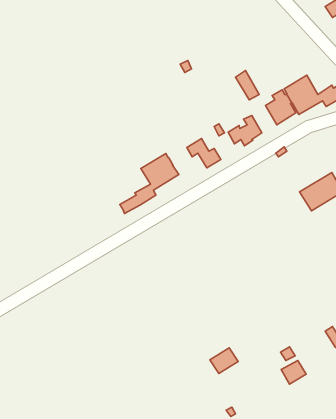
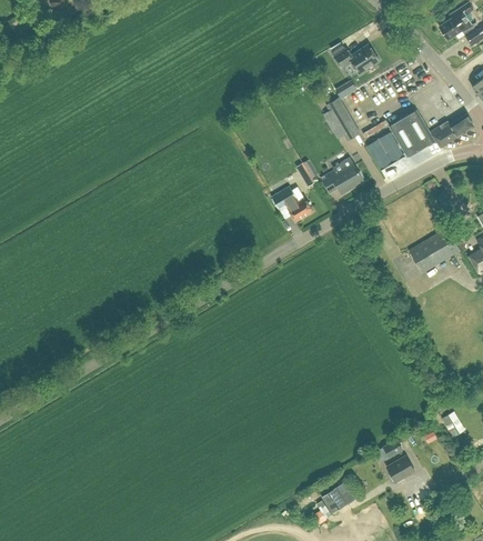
building: none -> [333,43,379,74]
building: [120,154,179,213] -> none
building: [210,348,238,373] -> [321,482,355,513]

